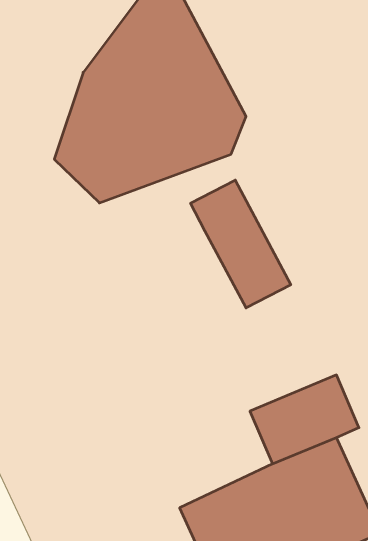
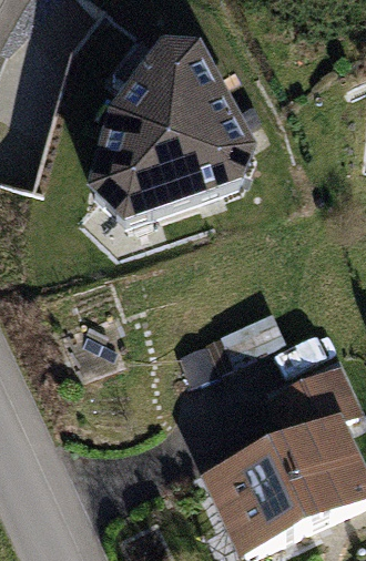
building: [191,180,291,308] -> none

